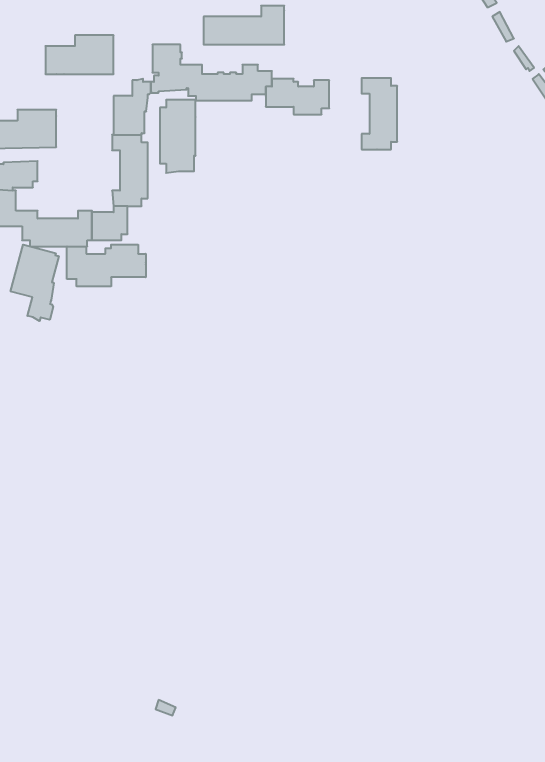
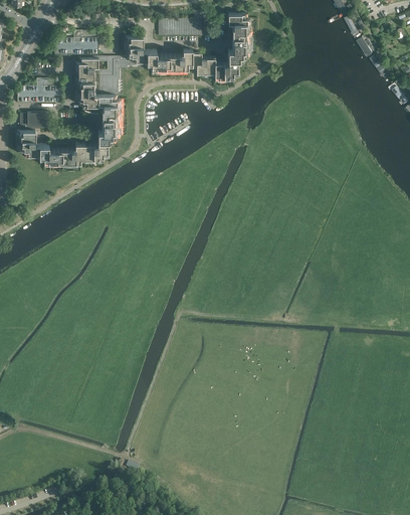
building: [362,78,397,149] -> [226,12,249,58]
building: [160,100,196,173] -> [73,57,96,105]
building: [11,245,59,321] -> none
building: [67,245,146,286] -> none

